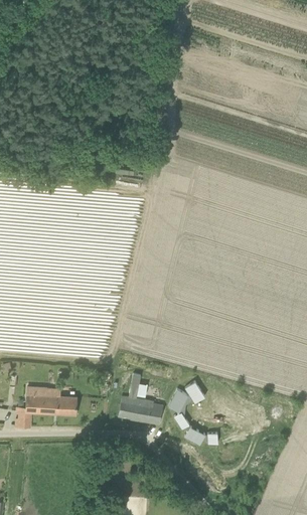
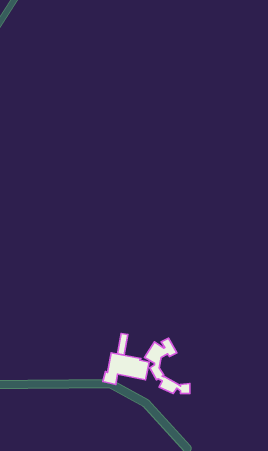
building: [17,387,79,426] -> none

